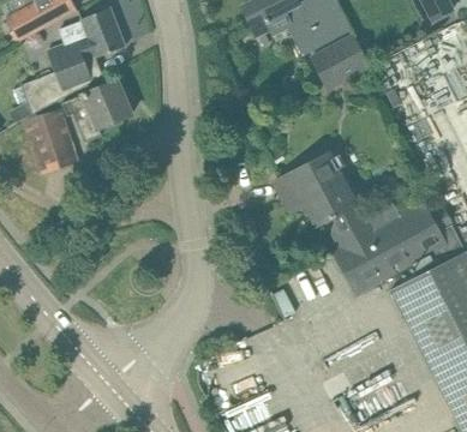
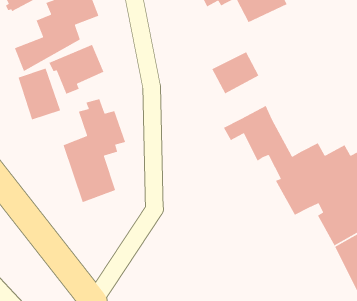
building: [309,35,367,88] -> [211,51,259,94]
building: none -> [63,98,126,203]

